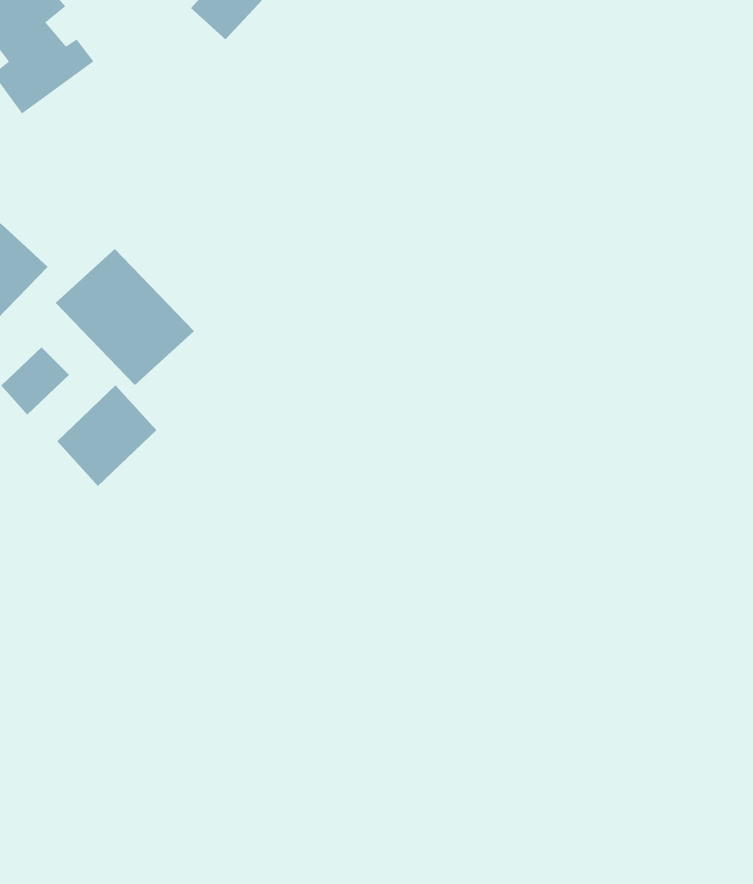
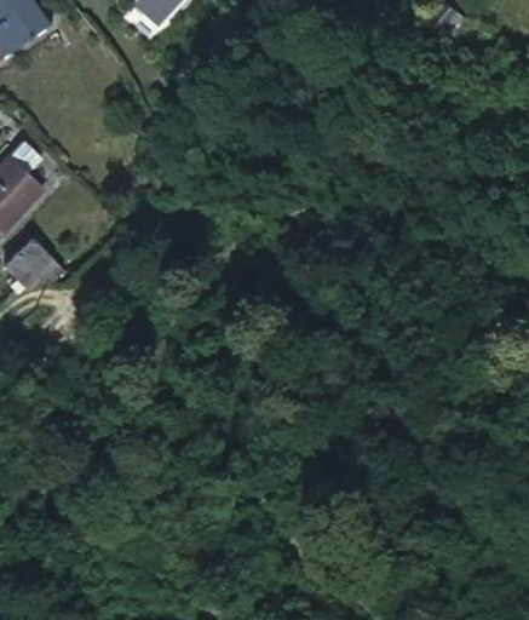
building: [55,248,195,386] -> none
building: [56,385,157,487] -> none

